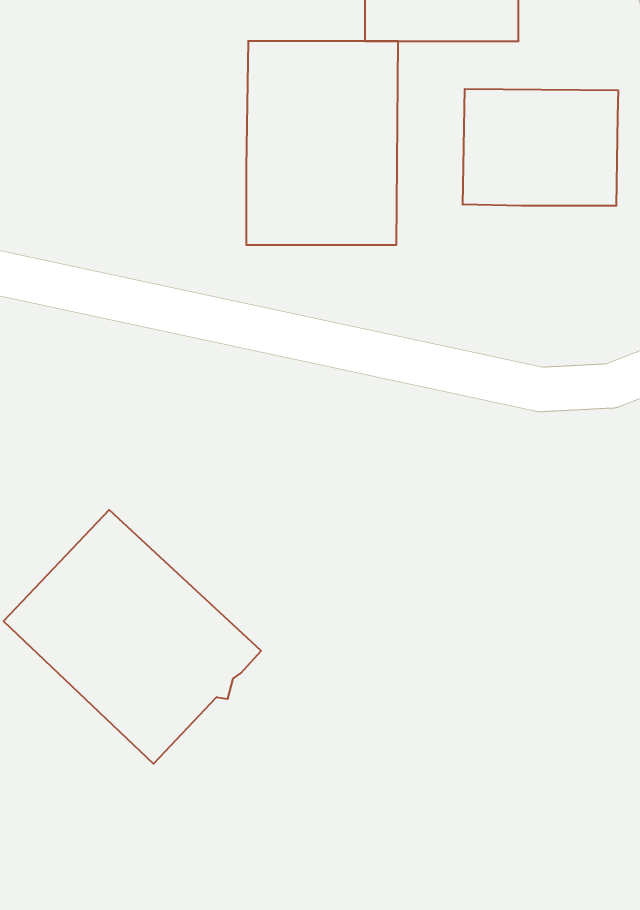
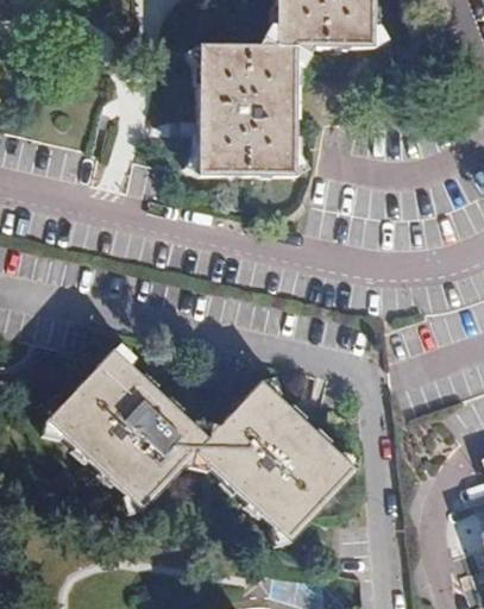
building: [463,89,618,206] -> none
building: none -> [195,378,359,542]

